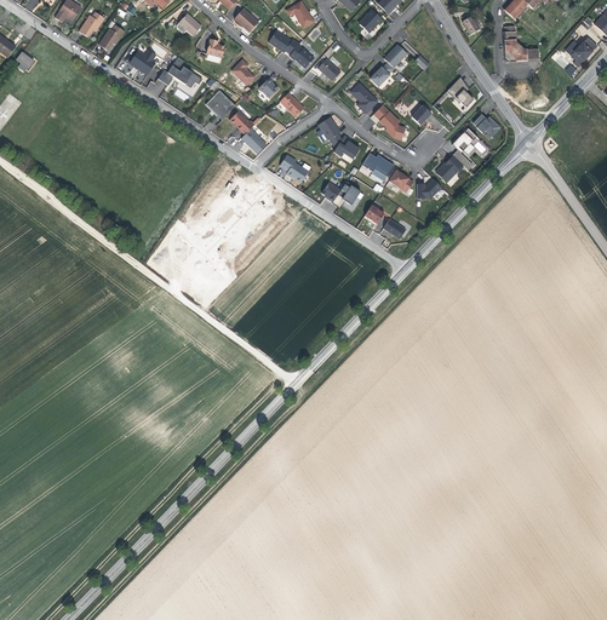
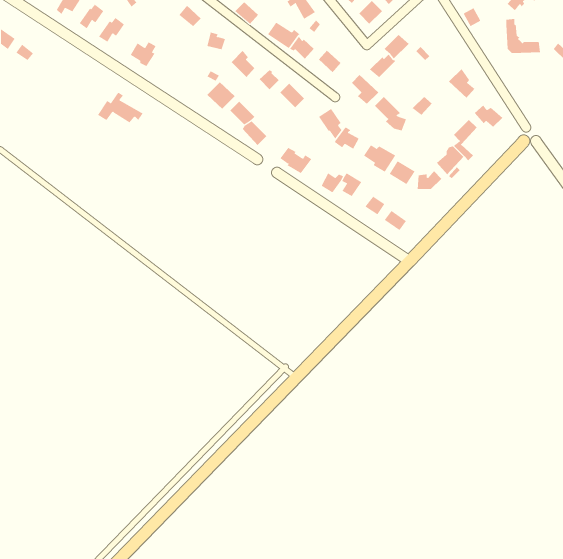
building: [158,56,204,87] -> [97,92,143,123]

